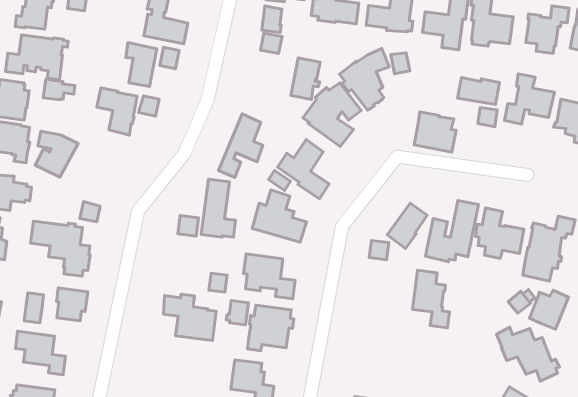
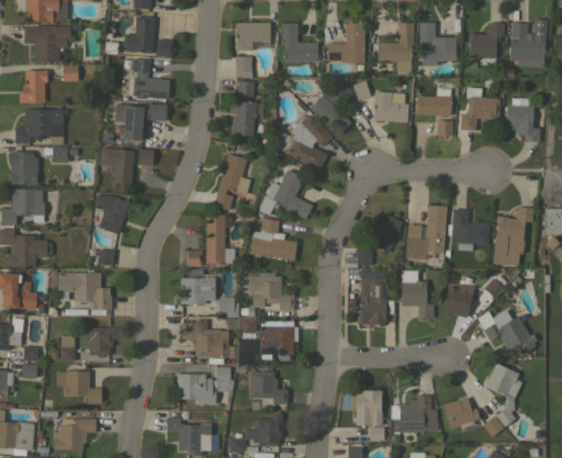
building: [291,58,320,100] -> [235,101,259,136]
building: [414,112,456,152] -> [373,91,408,123]
building: [35,131,78,177] -> [94,196,130,234]
building: none -> [181,278,214,305]
building: none -> [360,269,389,323]
building: [529,290,568,329] -> [442,283,474,317]
building: none -> [177,367,236,404]

